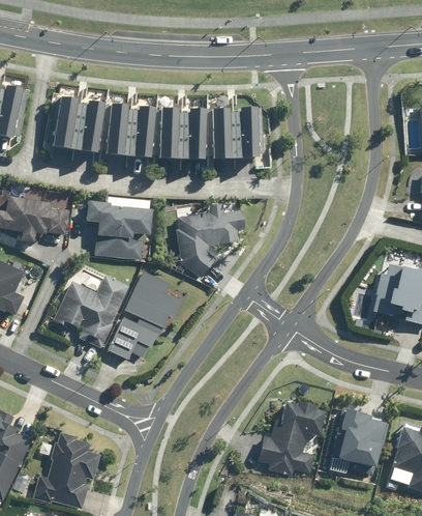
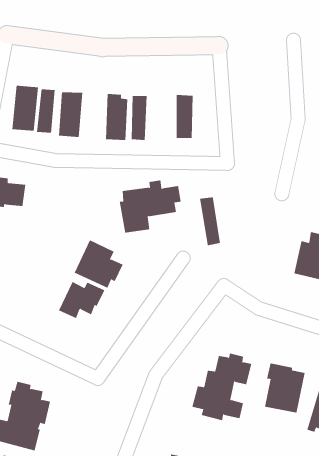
building: [137,106,157,159] -> none
building: [213,109,238,160] -> none
building: [87,196,154,259] -> none
building: none -> [199,197,221,246]
building: [54,275,131,349] -> none

